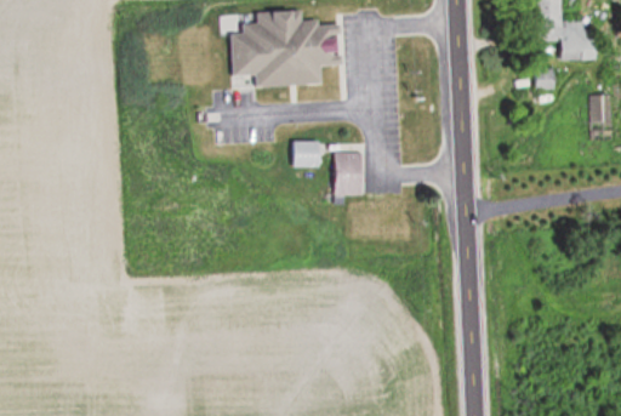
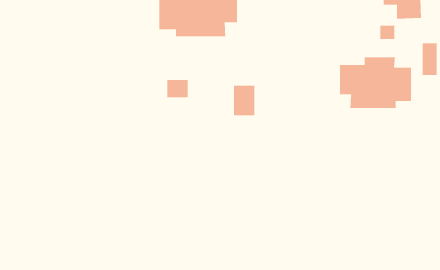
building: none -> [339,57,411,109]
building: [290,141,320,166] -> [167,79,189,98]

